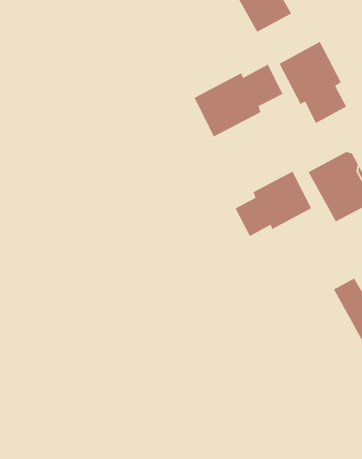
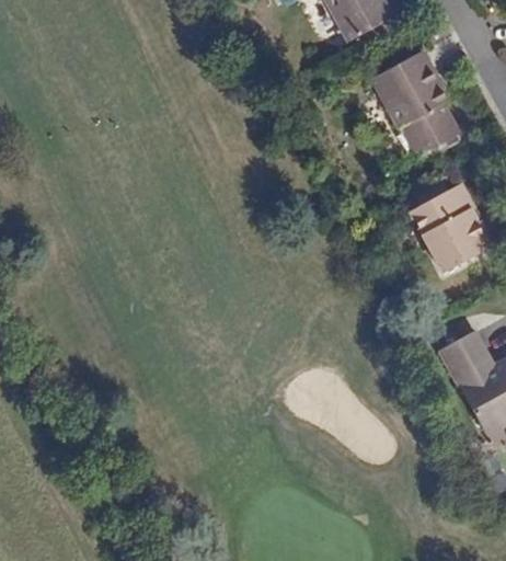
building: [193,63,283,138] -> none
building: [235,170,312,237] -> none

